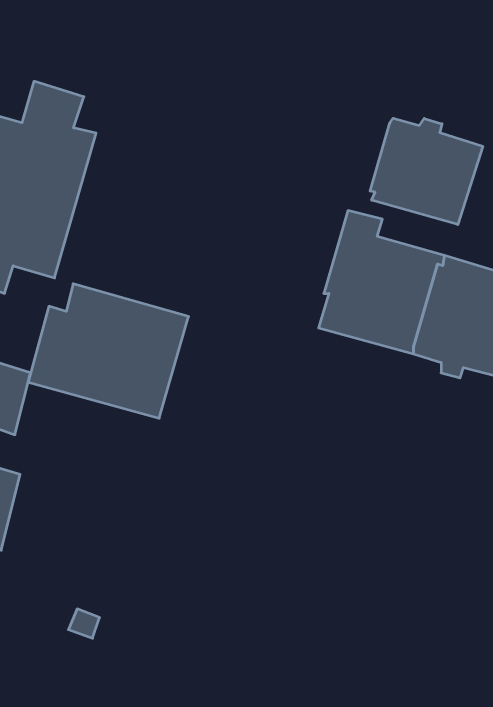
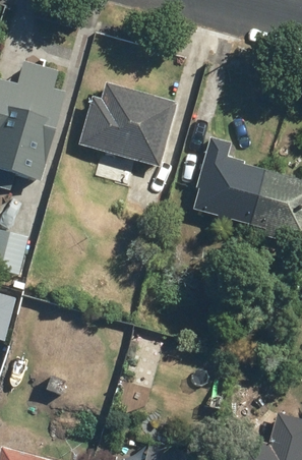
building: [370,118,483,225] -> none
building: [28,284,189,418] -> [80,84,175,164]

